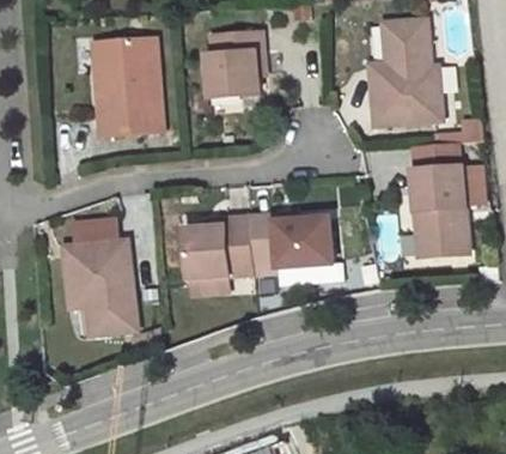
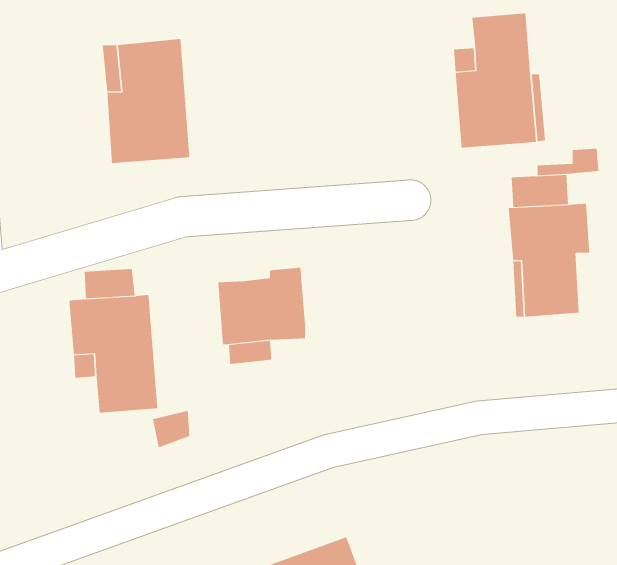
building: [207,32,263,97] -> none
building: [249,214,331,266] -> none

